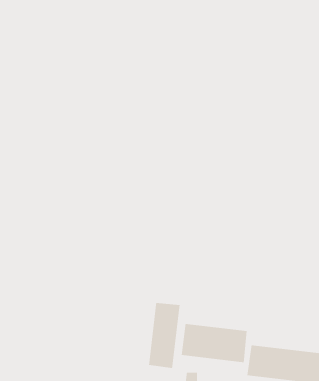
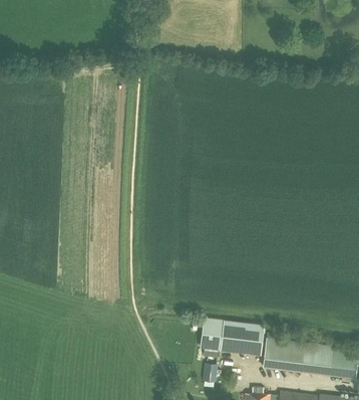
building: [149,302,180,369] -> none

